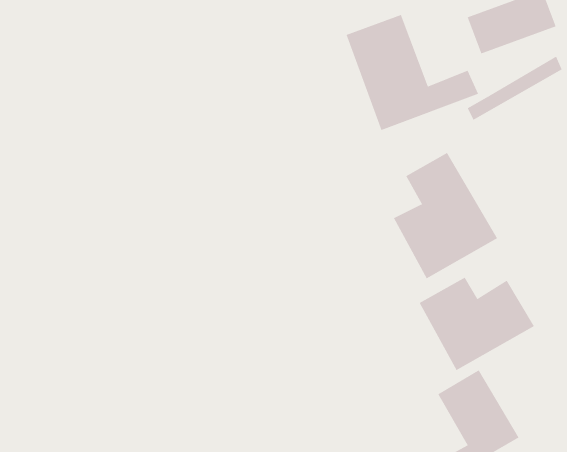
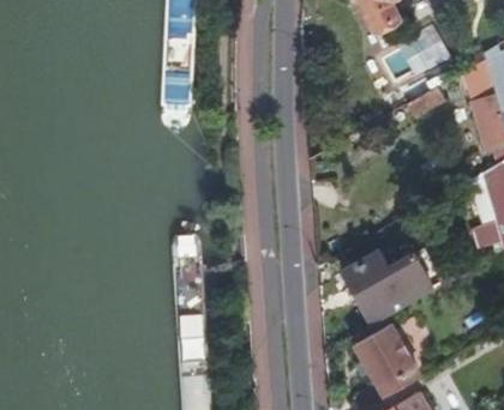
building: [346,14,479,131] -> none
building: [393,152,498,279] -> none

